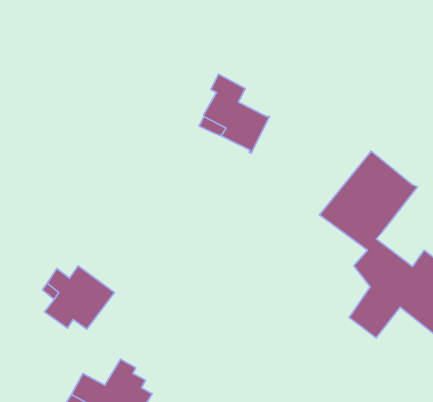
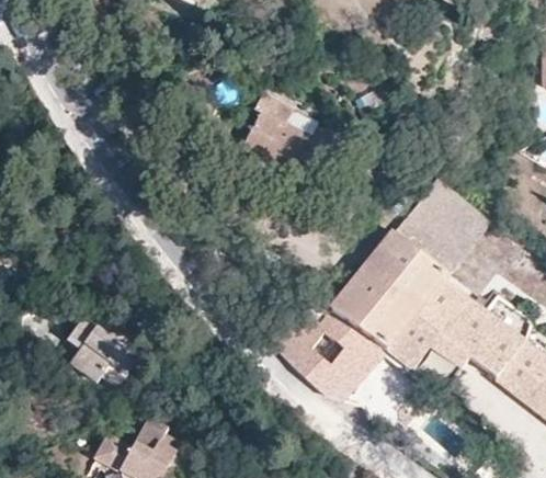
building: none -> [276,251,436,400]

